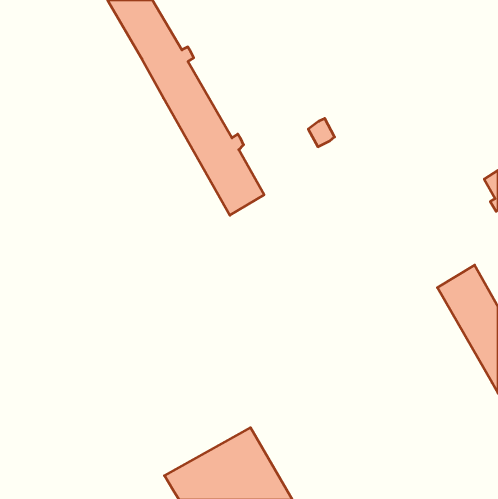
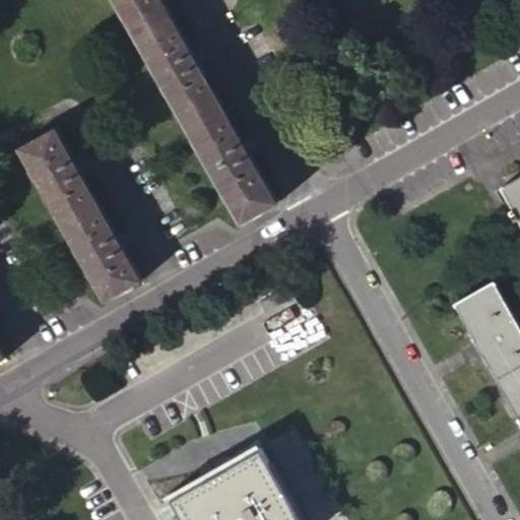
building: none -> [14,129,136,301]

